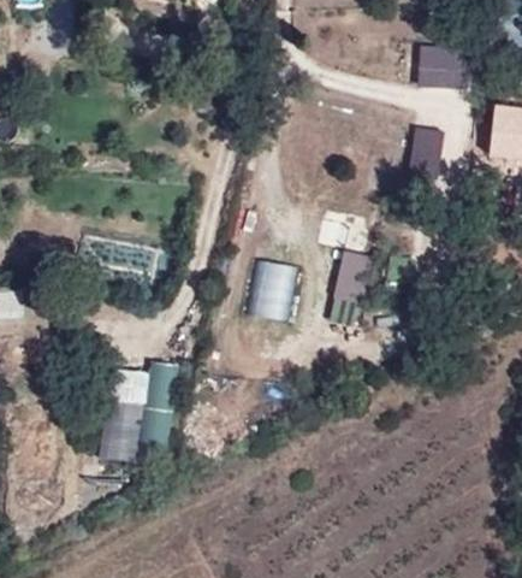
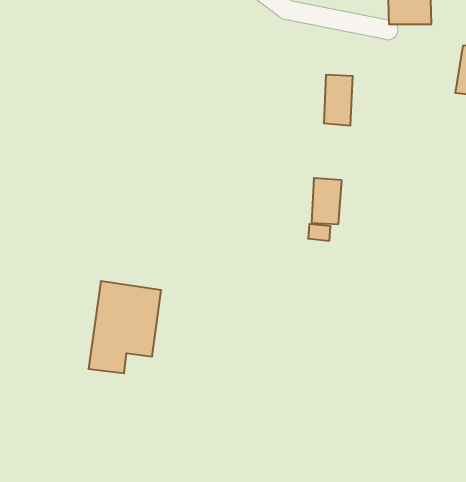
building: [410,126,441,181] -> [324,75,353,125]
building: [250,259,297,320] -> none

